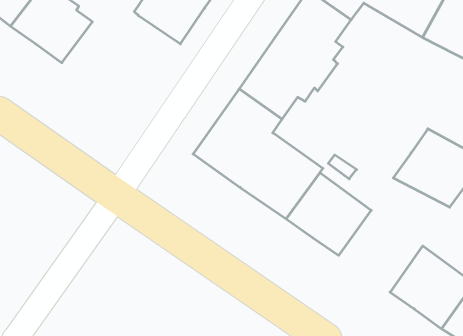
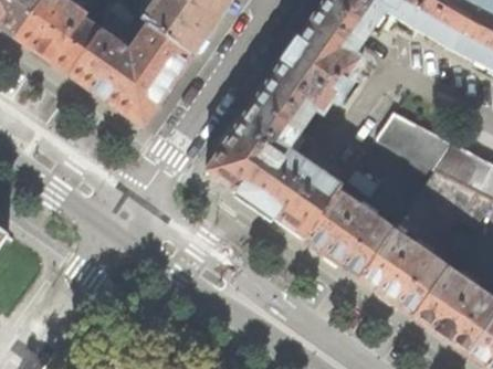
building: none -> [67,23,192,125]
building: none -> [376,112,453,168]
building: none -> [359,229,448,315]

